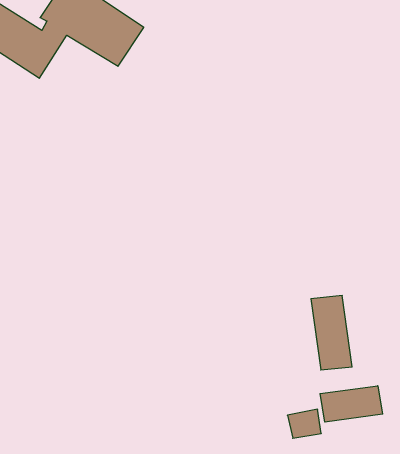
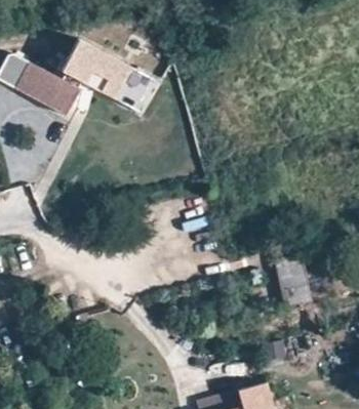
building: [320,386,383,422] -> none

